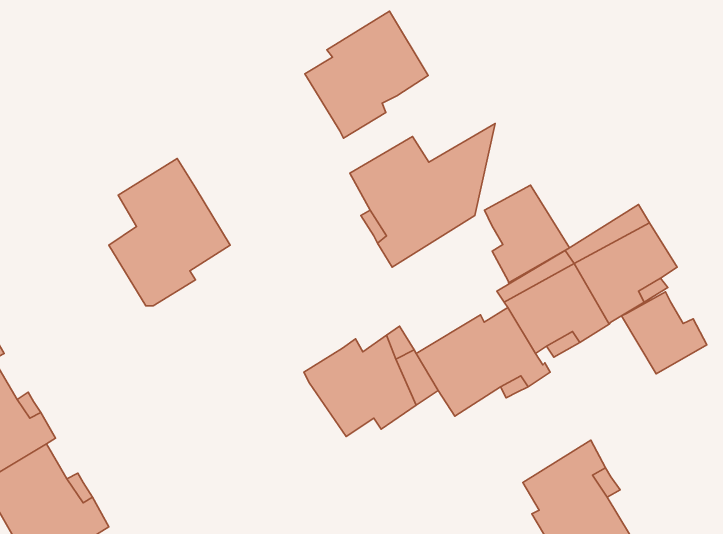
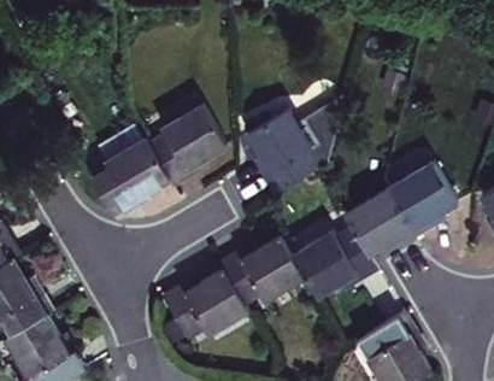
building: [305,11,428,138] -> [143,105,224,188]
building: [485,185,569,283] -> none
building: [621,292,707,374] -> none
building: none -> [159,274,247,344]

